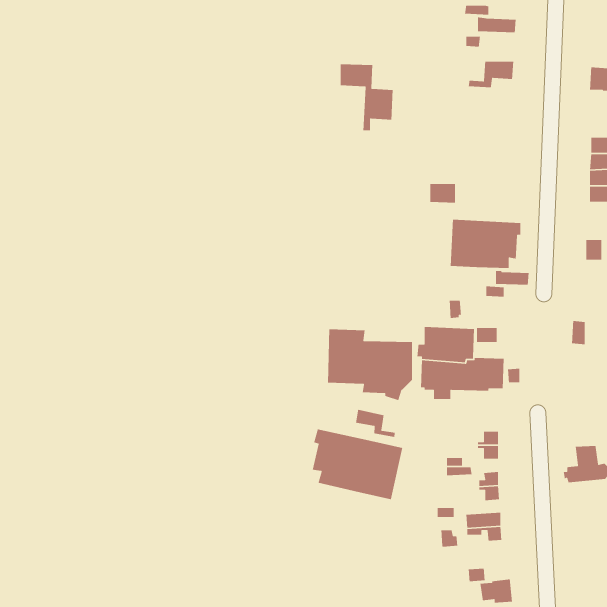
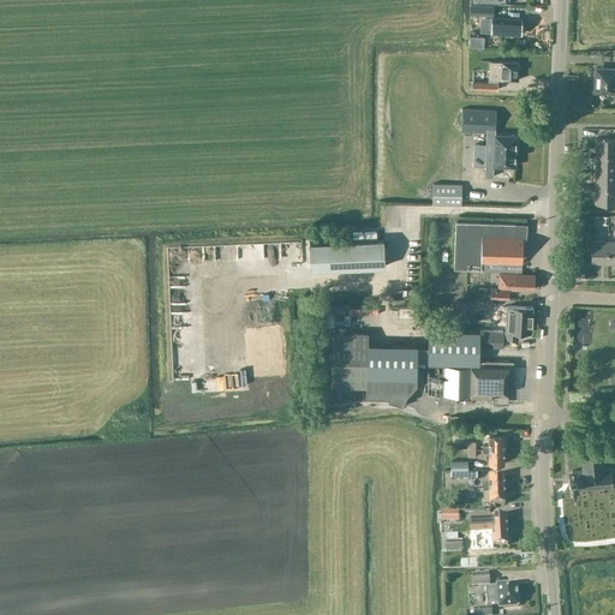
building: [340,63,393,131] -> [462,109,517,178]
building: none -> [310,240,386,270]
building: none -> [506,308,533,339]
building: [355,409,395,438] -> none
building: [312,429,403,500] -> none

